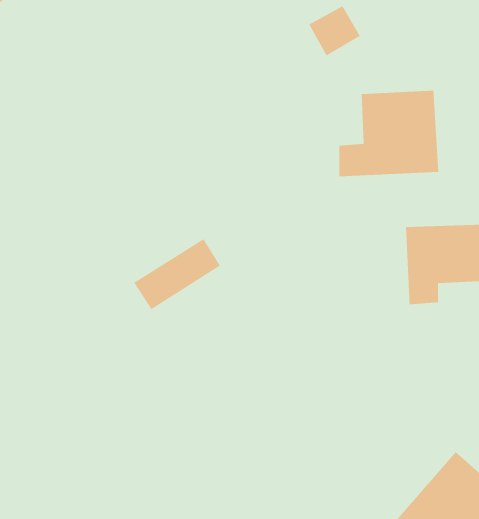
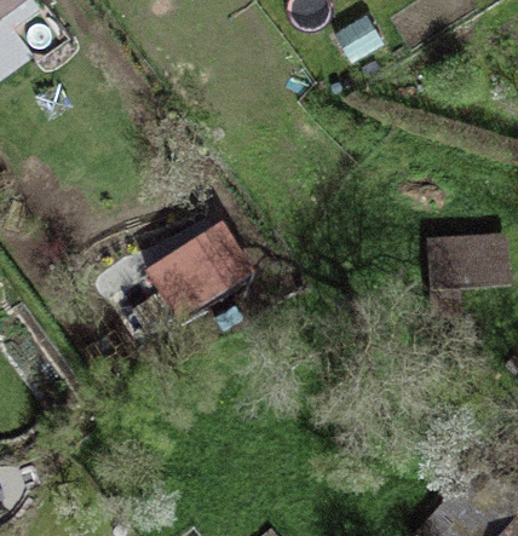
building: [338,90,439,177] -> none

